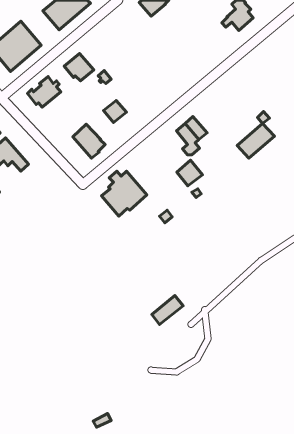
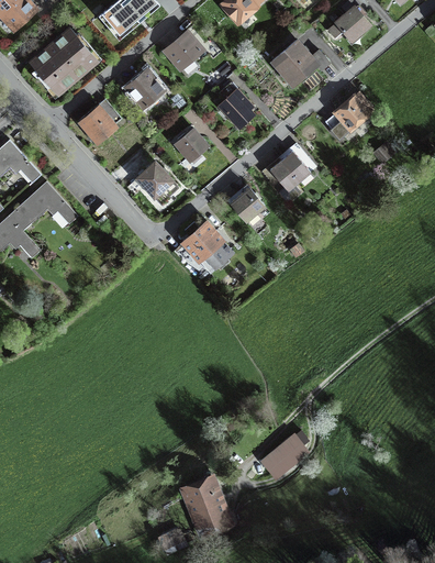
building: none -> [166,34,198,74]
building: none -> [271,40,327,84]
building: none -> [217,82,253,129]
building: [237,123,275,158] -> [323,93,371,139]
building: [177,160,202,186] -> [230,188,263,221]
building: [152,296,183,325] -> [263,437,303,474]
building: none -> [183,479,227,534]

